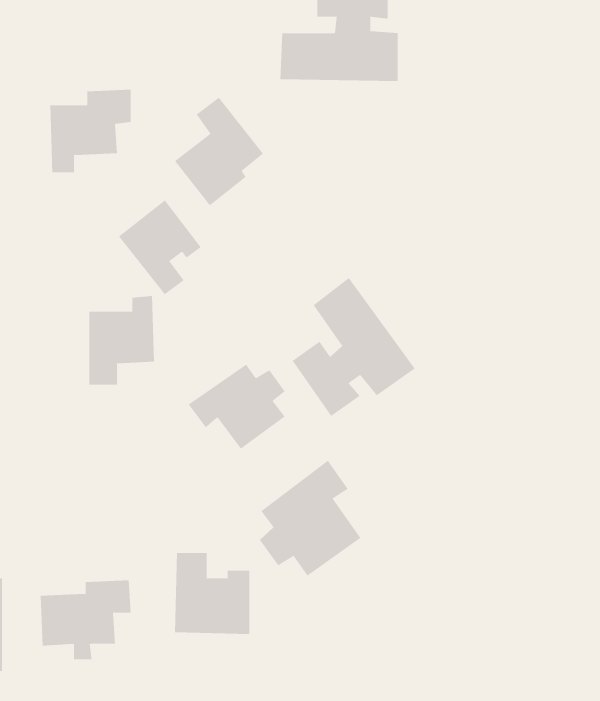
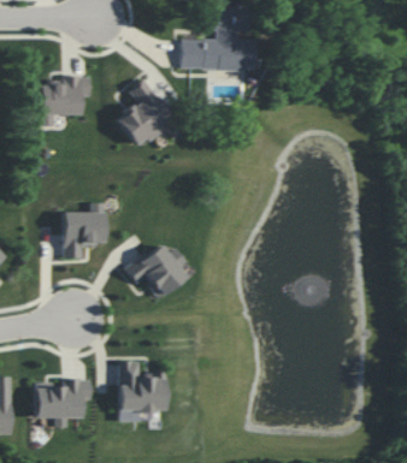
building: [118,199,201,295] -> none
building: [292,277,416,417] -> none
building: [259,460,361,576] -> none

